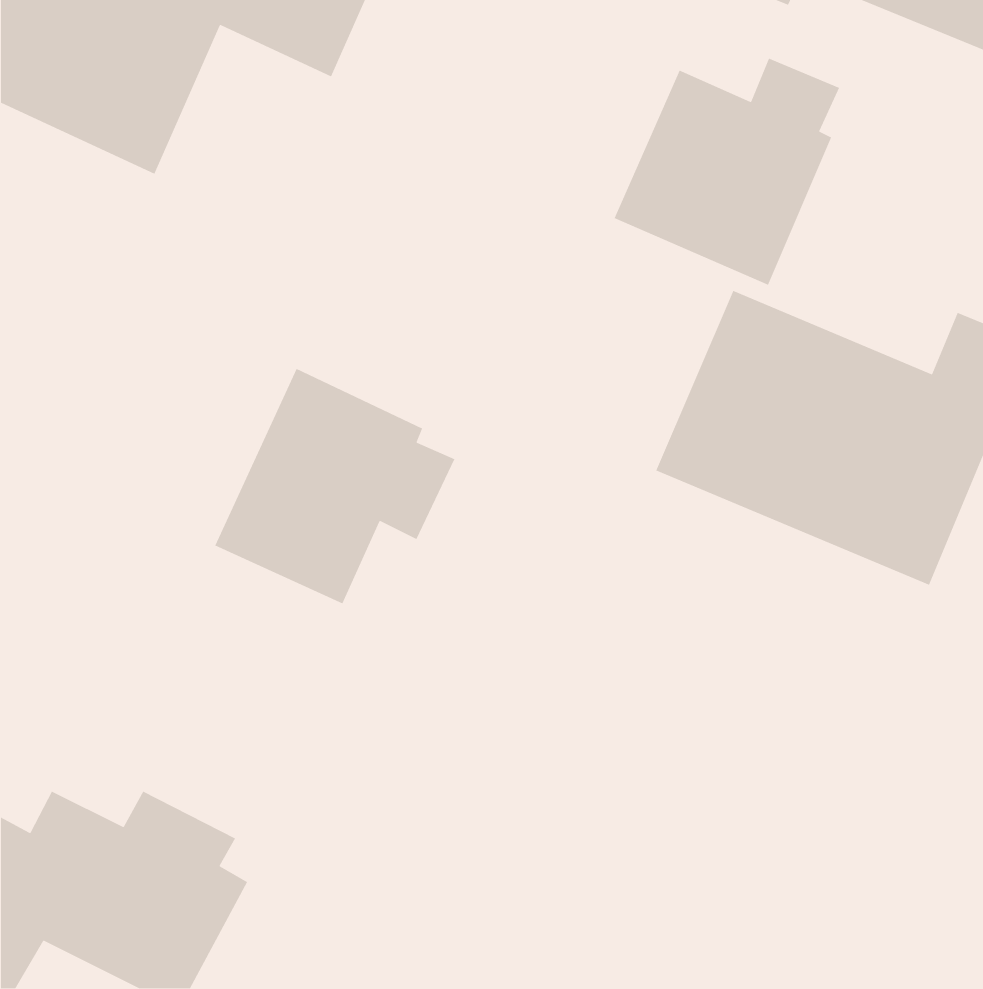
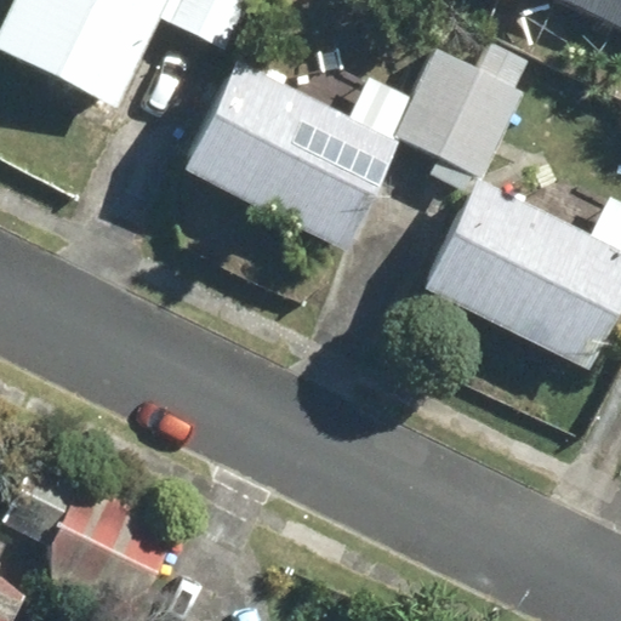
building: none -> [171,62,394,255]
building: [214,368,456,604] -> none

